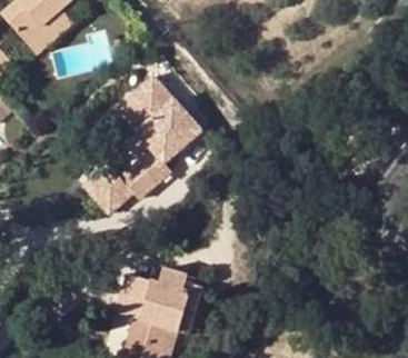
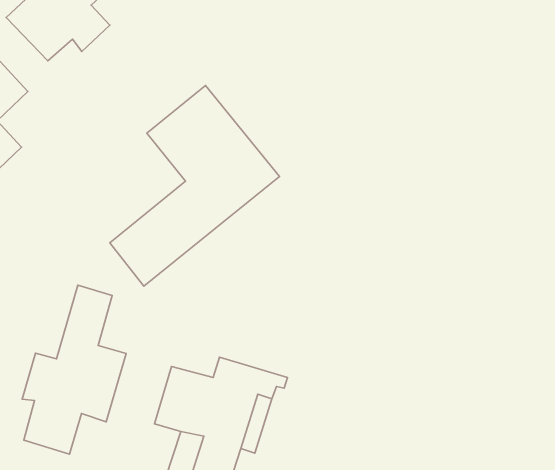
building: none -> [22,285,126,454]

